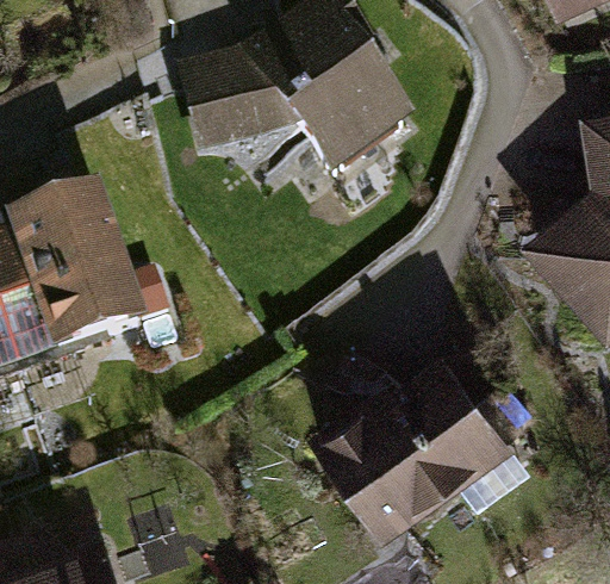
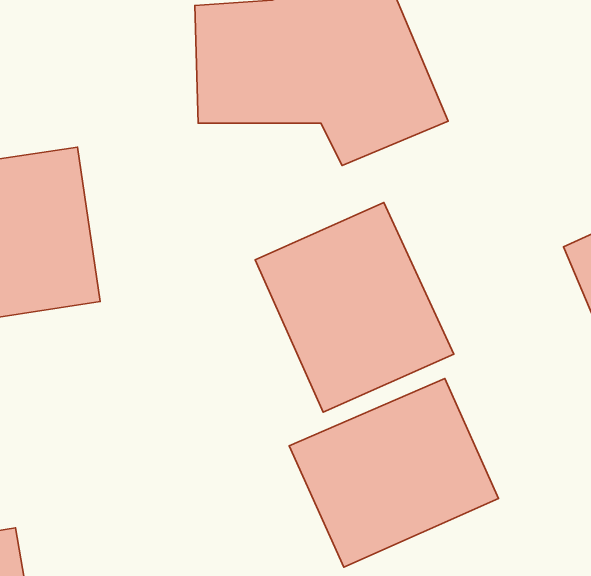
building: none -> [255,203,454,412]

